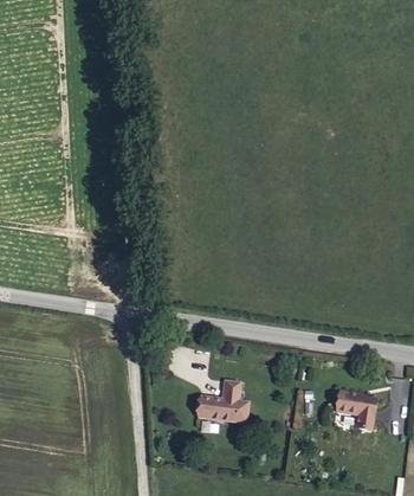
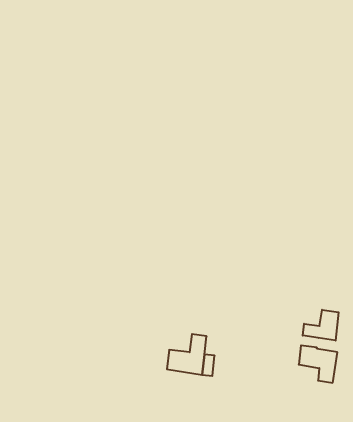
building: none -> [303,310,339,341]

